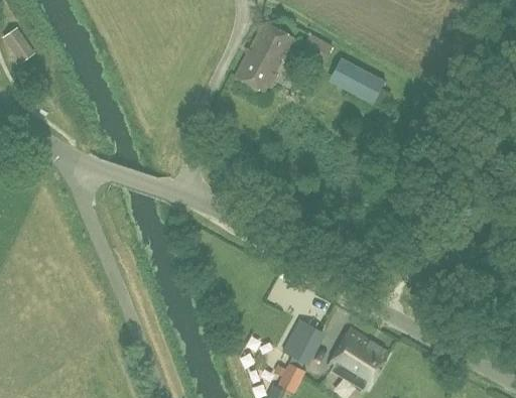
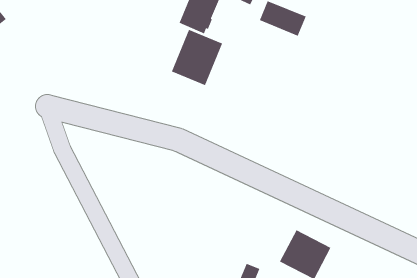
building: none -> [171,29,223,86]
building: [282,318,325,365] -> none

